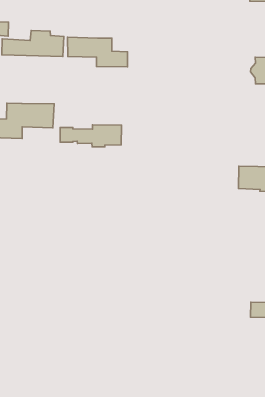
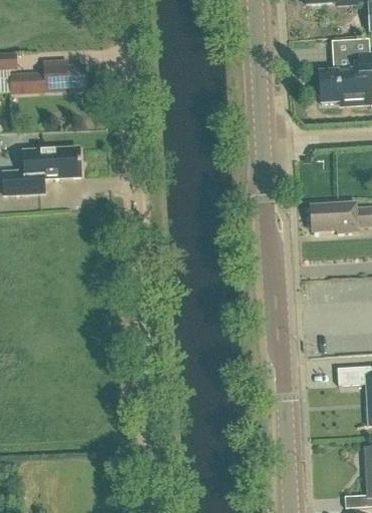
building: [68,37,127,67] -> none
building: [60,125,122,147] -> none

